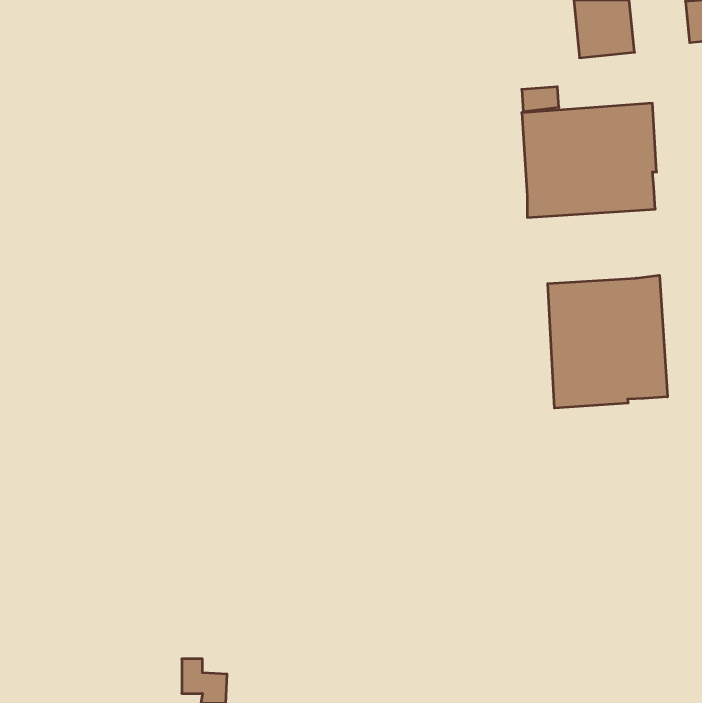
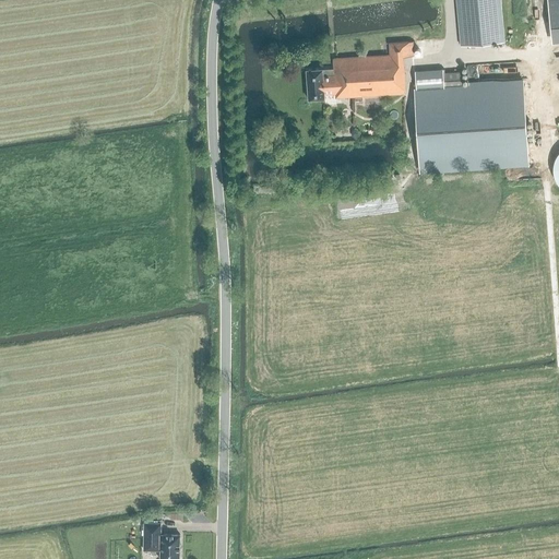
building: none -> [307,40,427,100]
building: [548,275,667,408] -> none

